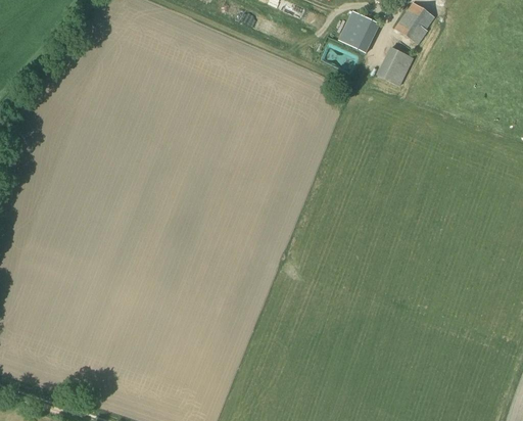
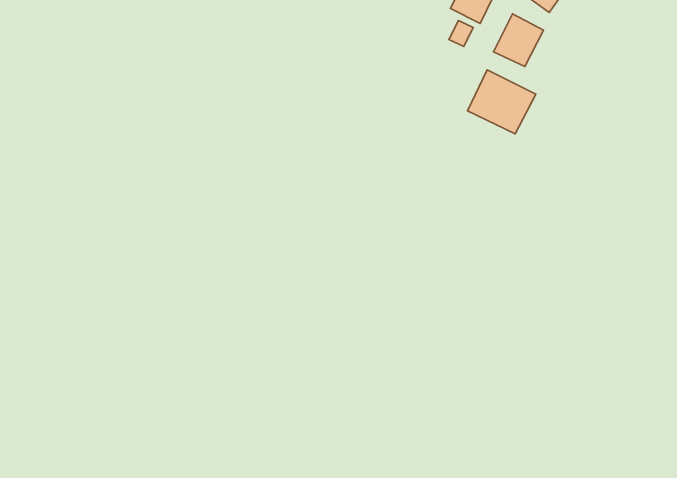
building: none -> [468,70,536,134]

